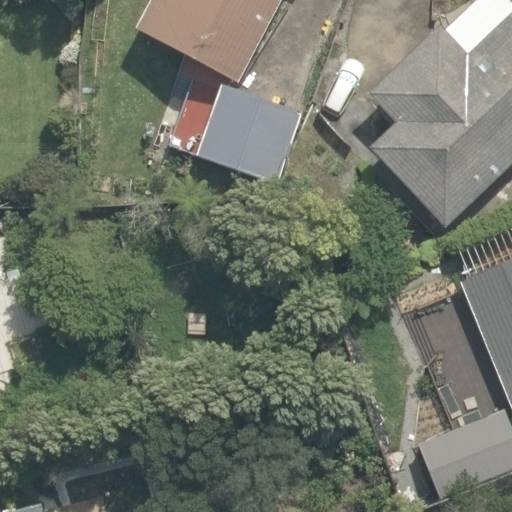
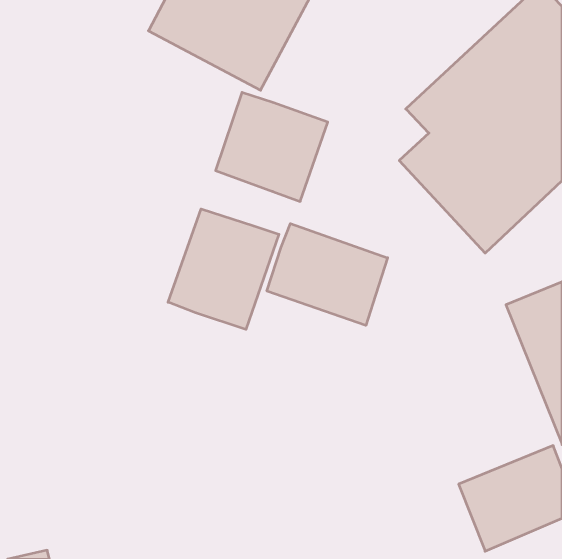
building: none -> [168,209,279,329]
building: none -> [267,224,388,325]

